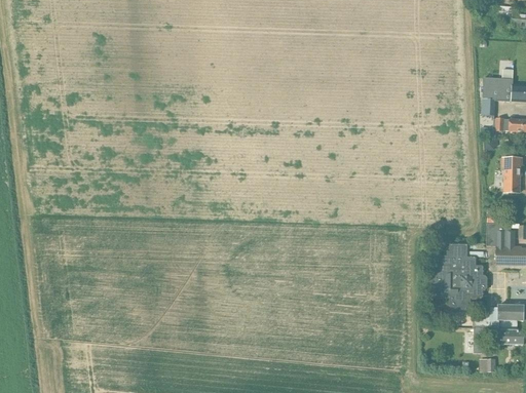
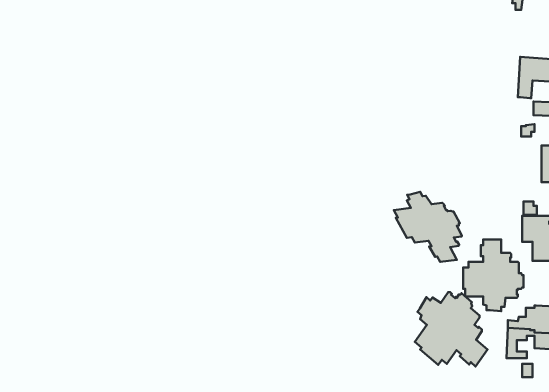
building: none -> [394,192,462,262]
building: none -> [415,292,487,366]

